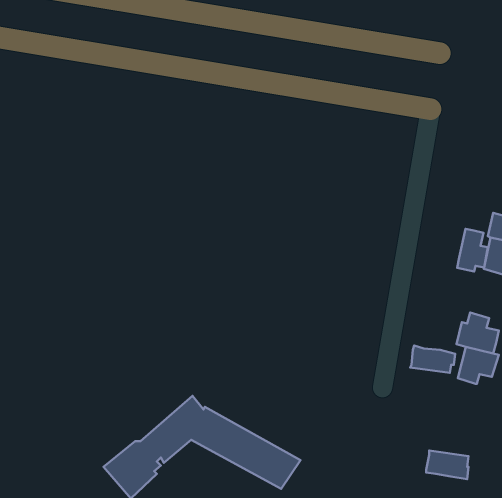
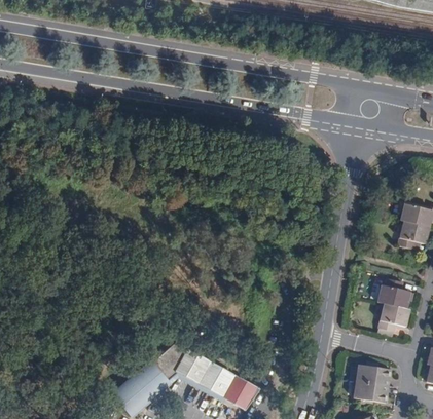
building: [457,229,488,271] -> none
building: [410,346,455,373] -> [356,365,390,385]

